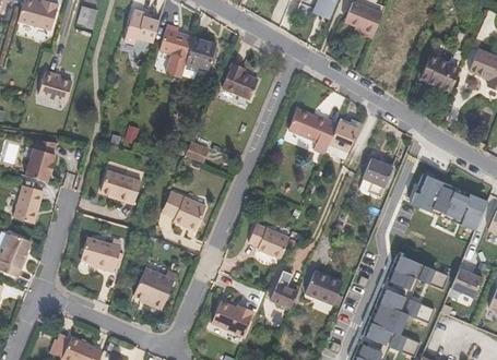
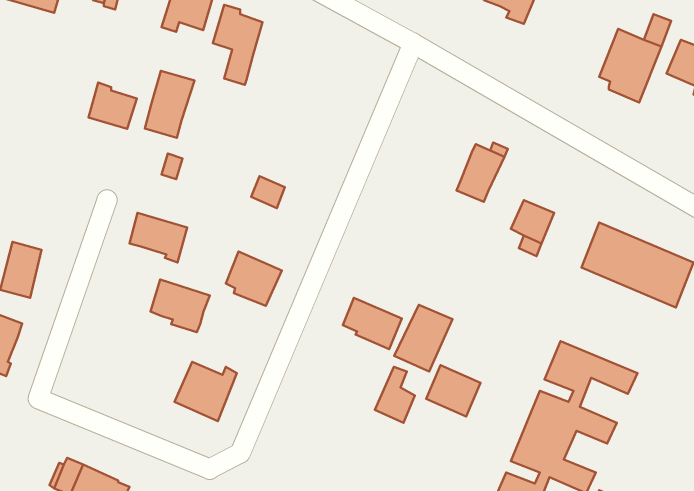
building: [182,36,216,82] -> [145,71,194,138]
building: [222,63,258,98] -> none
building: [40,68,73,99] -> [89,82,137,129]
building: [287,108,336,153] -> none
building: [25,140,56,182] -> none
building: none -> [394,305,452,372]
building: [81,236,121,272] -> [150,279,210,332]
building: [451,266,482,296] -> none
building: [210,300,252,335] -> none

